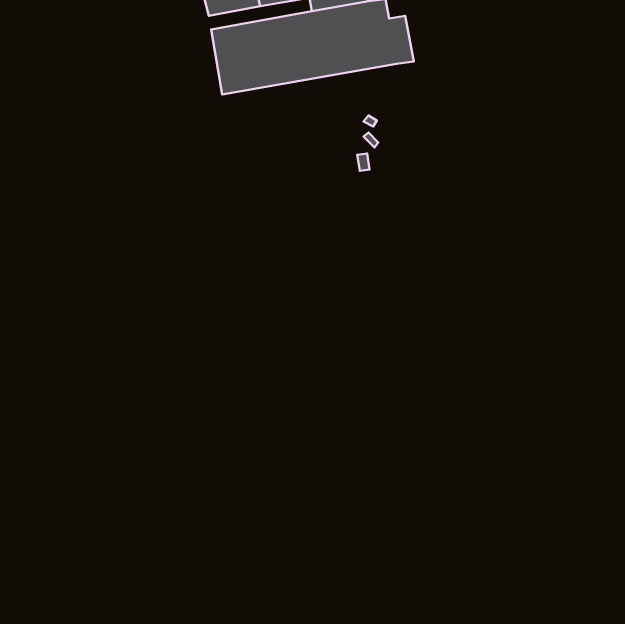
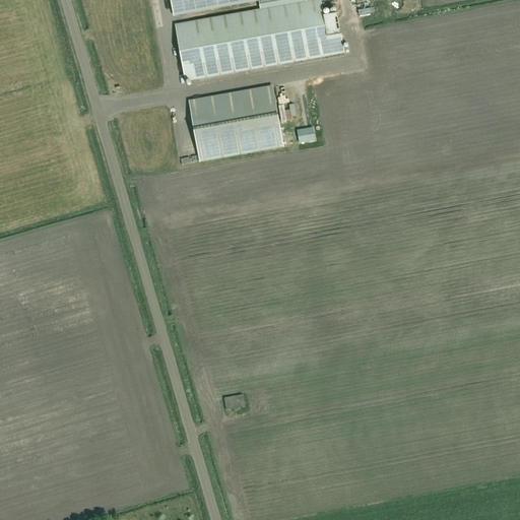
building: none -> [188,85,281,158]

